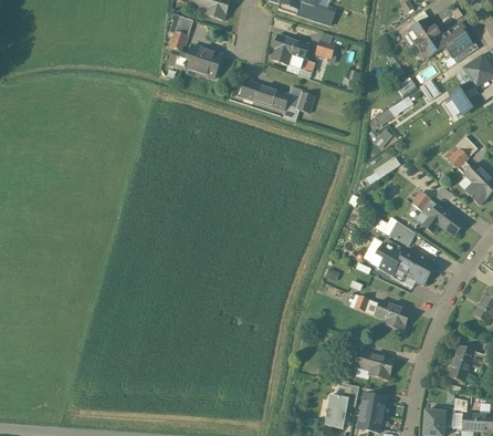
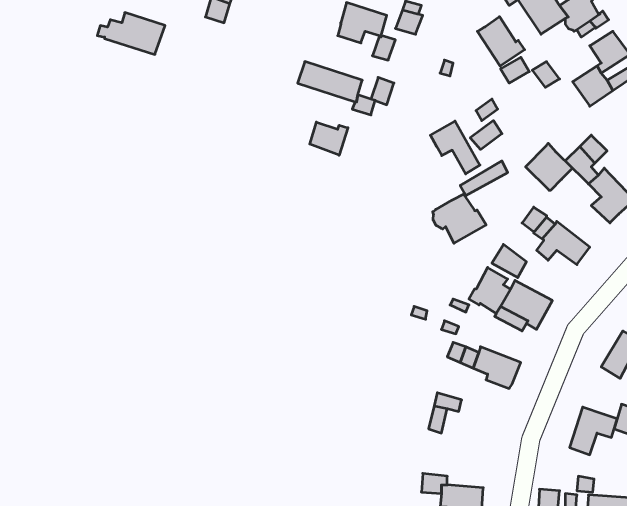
building: none -> [477,17,525,66]
building: [169,45,221,77] -> [97,13,165,54]
building: none -> [430,121,480,174]
building: none -> [310,122,348,155]
building: none -> [526,143,573,190]
building: none -> [433,193,486,243]
building: [357,351,392,380] -> none

